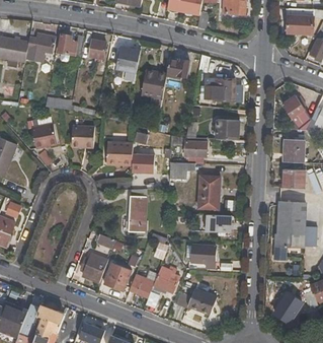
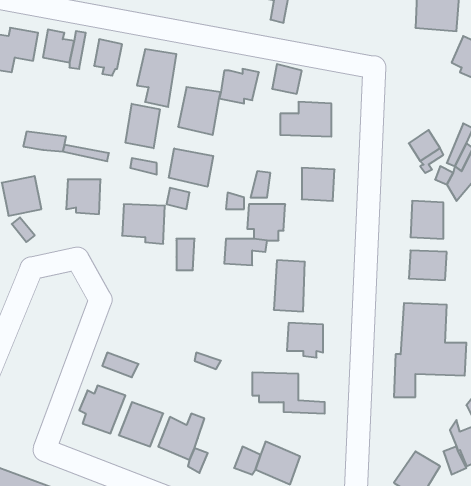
building: none -> [126,104,160,148]
building: none -> [169,148,213,187]
building: [129,188,148,230] -> none
building: [153,265,179,293] -> none

